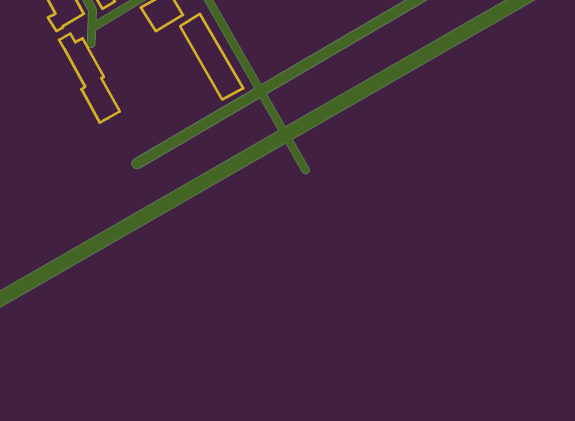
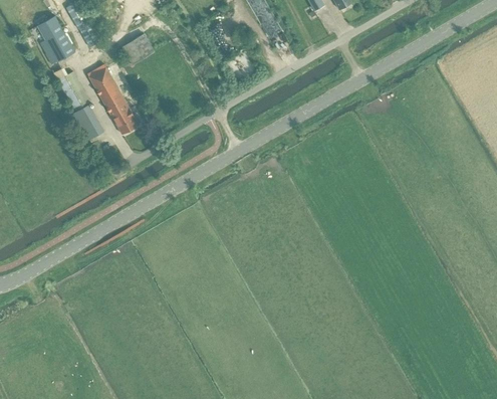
building: [180,14,243,99] -> [87,63,139,133]

